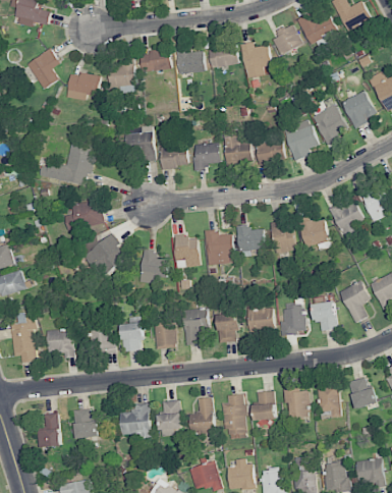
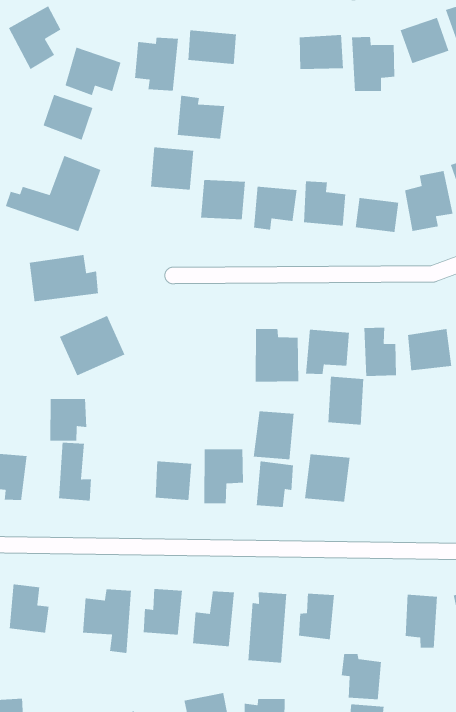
building: [175,48,204,73] -> [177,95,225,139]
building: none -> [43,94,93,141]
building: [175,236,199,267] -> [253,410,295,460]
building: [138,252,168,284] -> none
building: [313,300,338,331] -> none
building: [282,304,305,334] -> [327,376,364,426]
building: [119,322,145,351] -> [49,398,87,441]
building: [283,388,309,417] -> [341,653,382,700]

